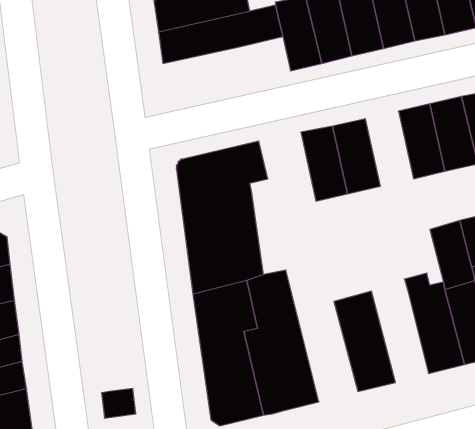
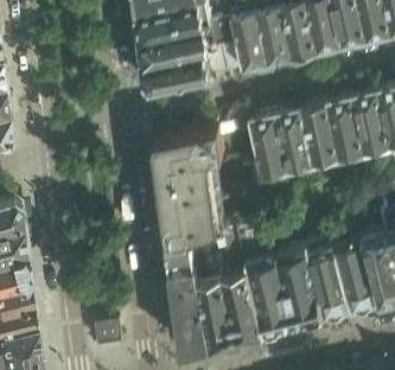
building: none -> [141,55,208,92]
building: none -> [301,106,339,165]
building: none -> [297,209,351,320]
building: none -> [238,223,295,336]

